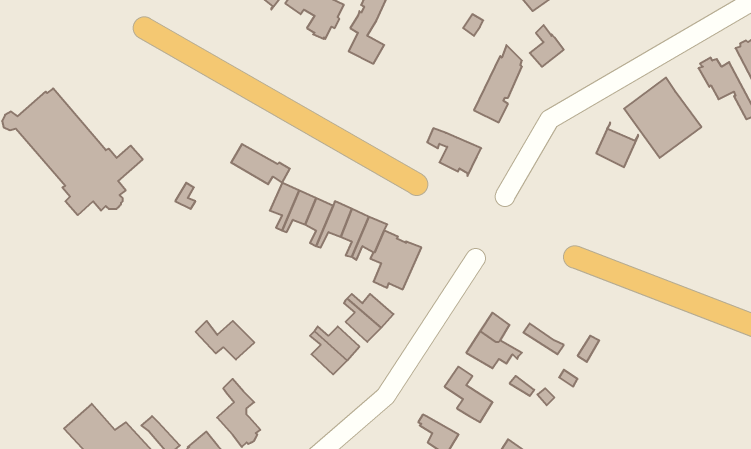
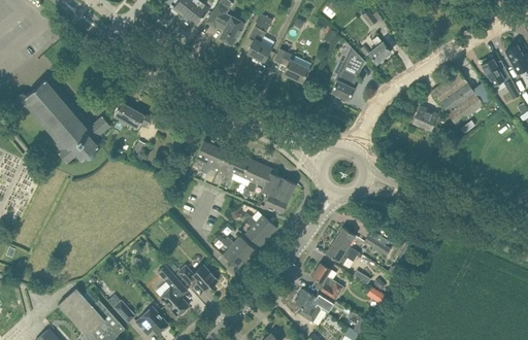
building: [427,128,481,176] -> [275,50,311,82]
building: [231,144,290,184] -> [113,102,153,129]
building: [196,321,254,360] -> [178,266,218,292]
building: none -> [298,290,335,313]

